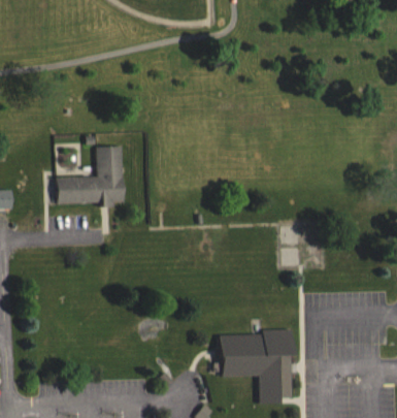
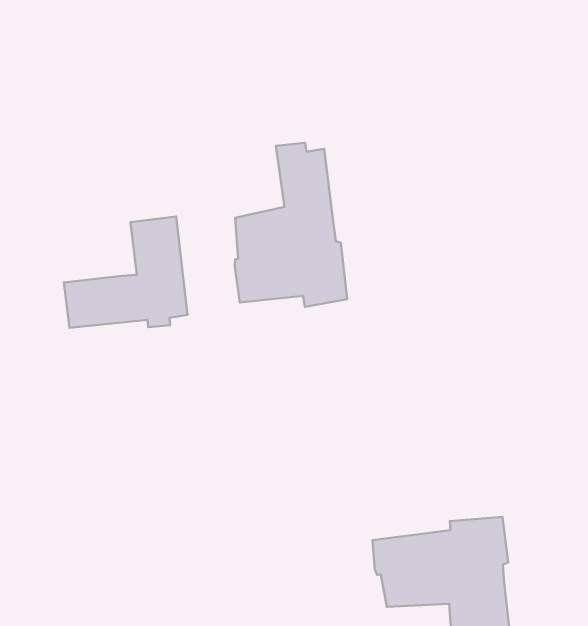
building: none -> [235,143,347,307]

